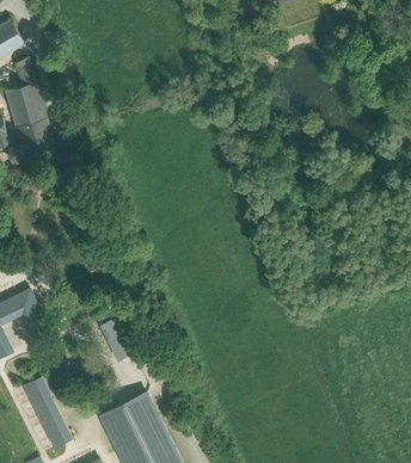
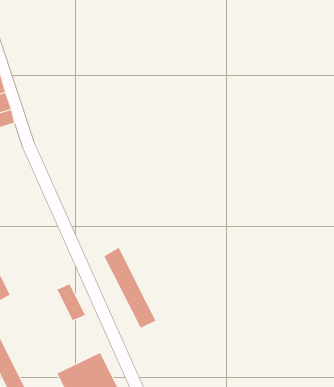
building: none -> [104,247,156,328]

